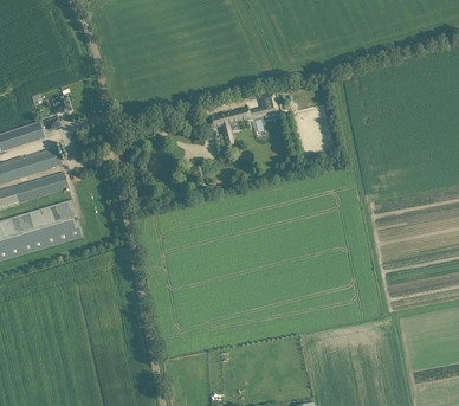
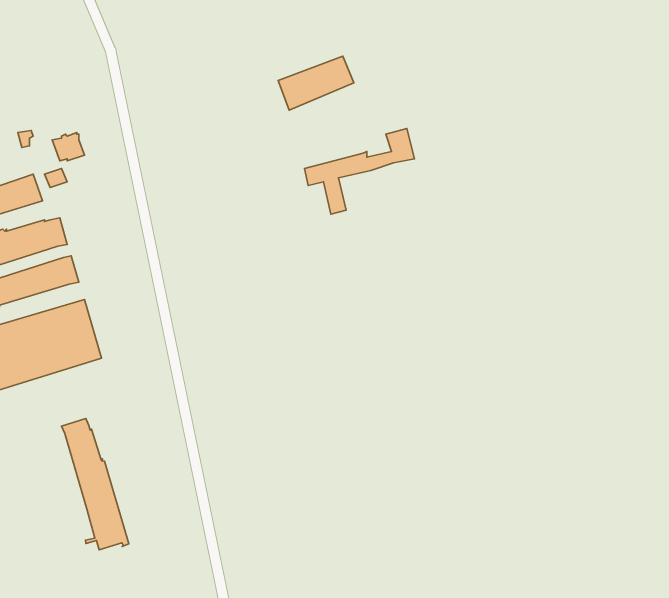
building: none -> [278,56,354,110]
building: none -> [62,418,129,550]

